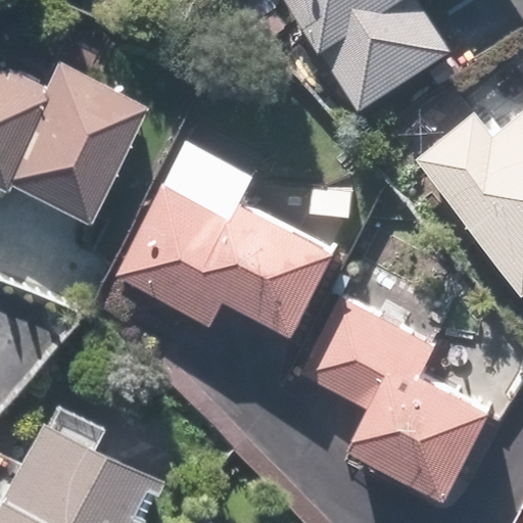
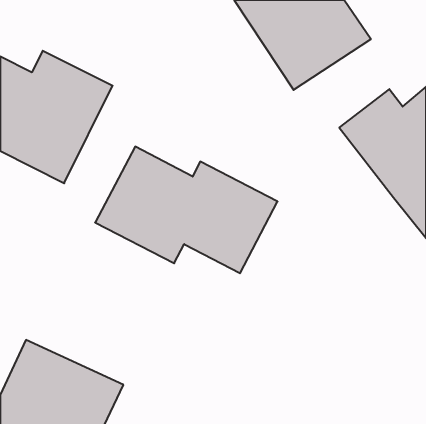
building: [302,296,492,498] -> none

